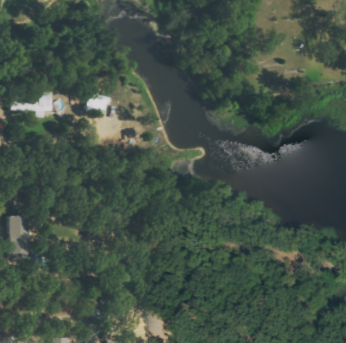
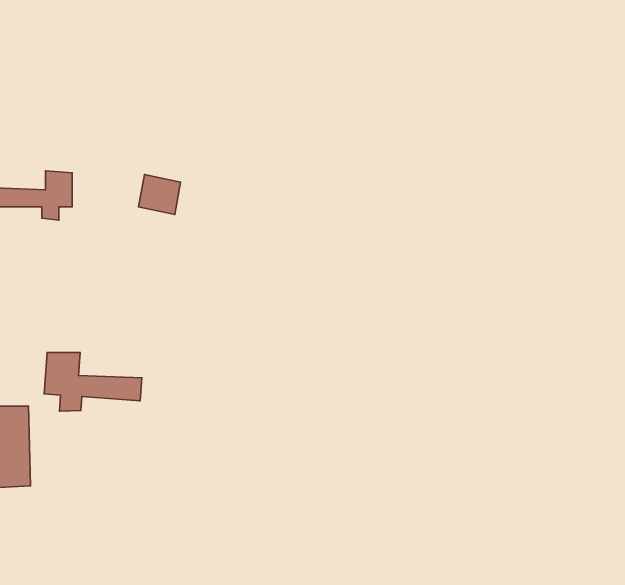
building: none -> [44,353,142,411]

